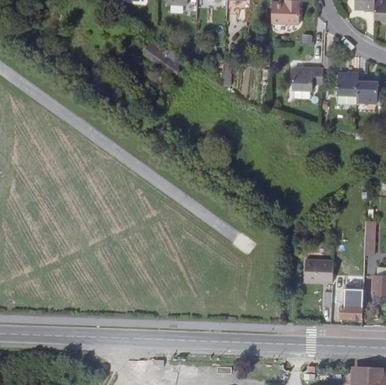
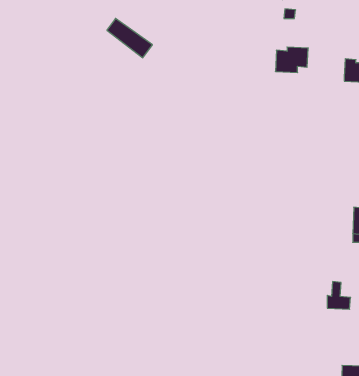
building: [339,73,360,95] -> none
building: [307,255,336,278] -> none

